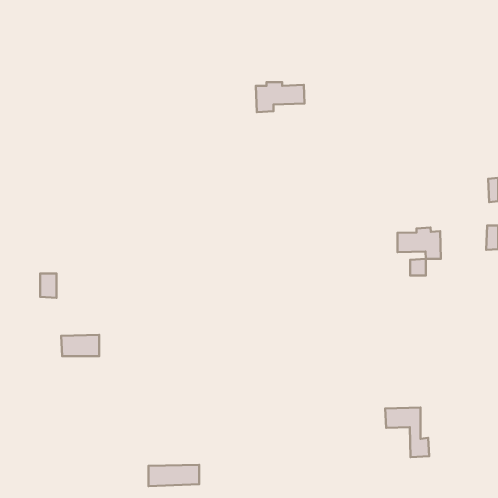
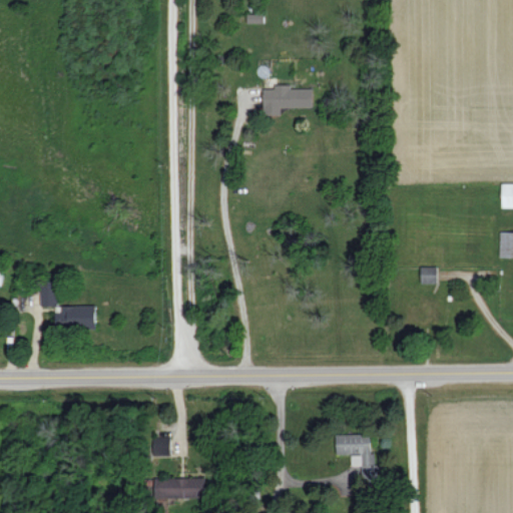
building: [397,228,441,259] -> none
building: [61,335,99,356] -> [57,306,96,328]
building: [385,407,429,457] -> [336,434,381,485]

